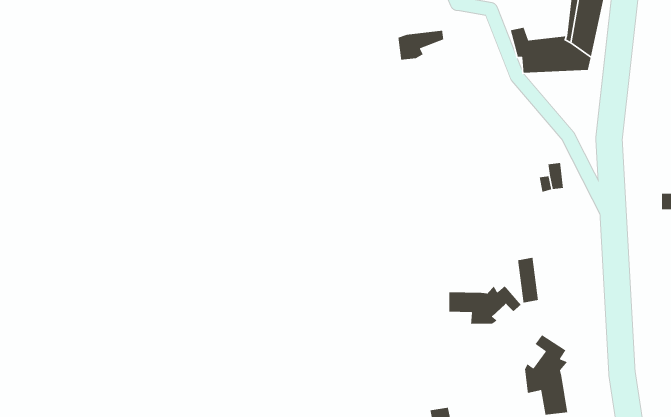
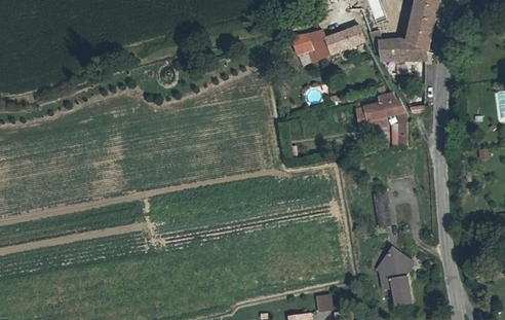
building: none -> [305,26,363,63]
building: none -> [356,94,404,130]
building: [448,285,522,325] -> none

